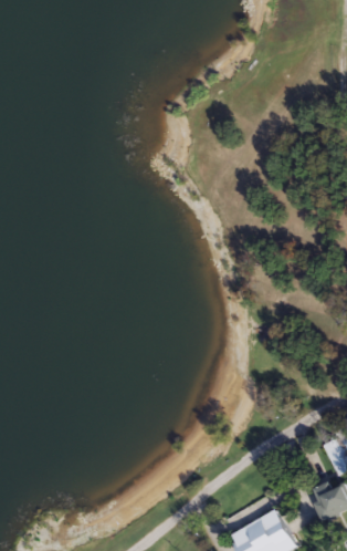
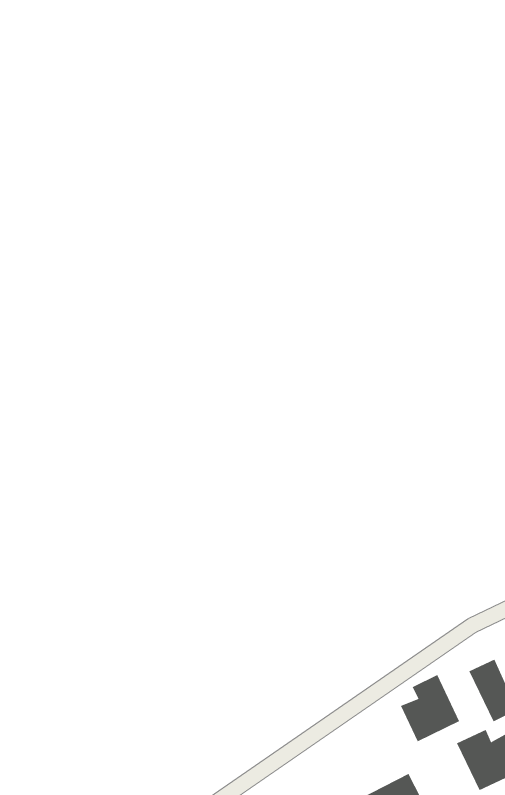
building: none -> [400,674,460,742]

